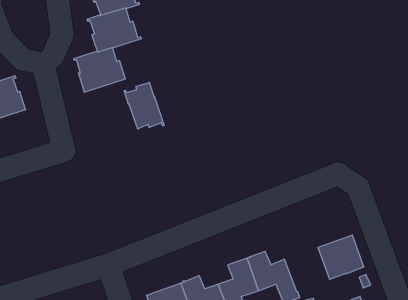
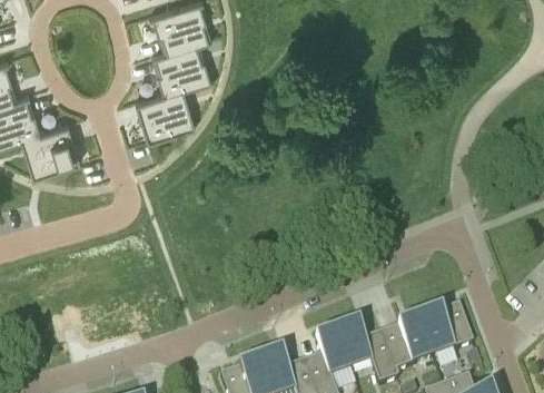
building: [124,82,164,129] -> none
building: none -> [380,315,433,366]

